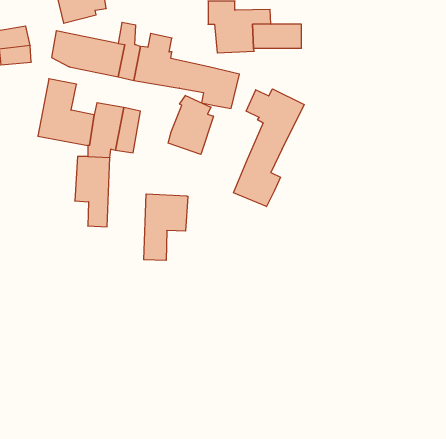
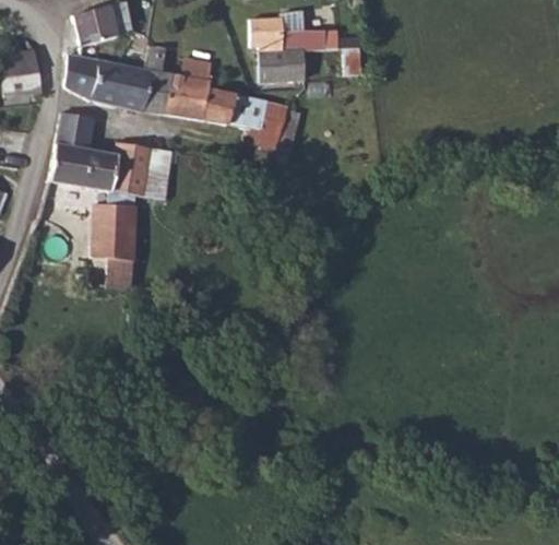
building: [234,89,304,207] -> none
building: [168,95,213,154] -> none
building: [144,194,188,260] -> none

